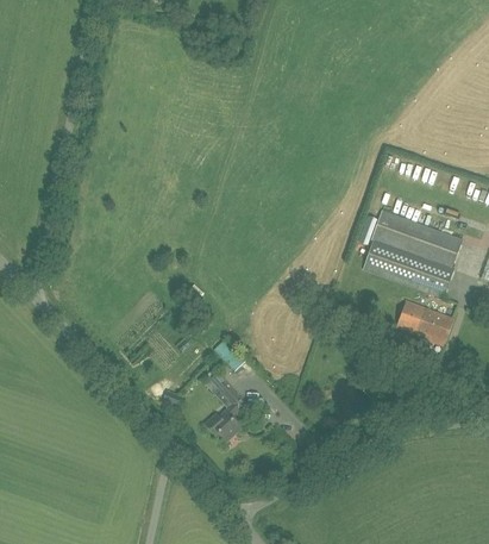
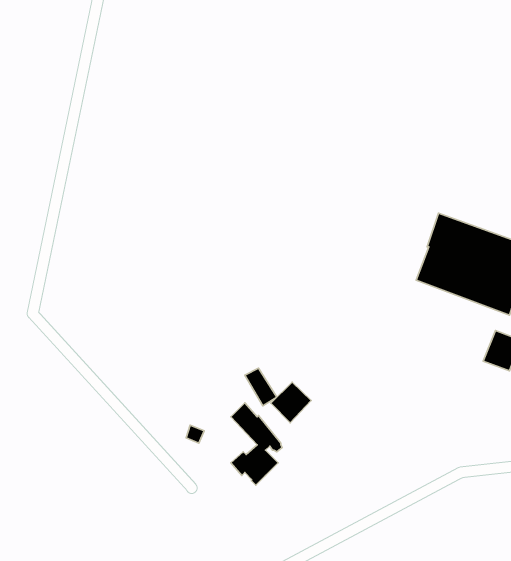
building: [395,300,431,336] -> none
building: none -> [271,382,311,423]

